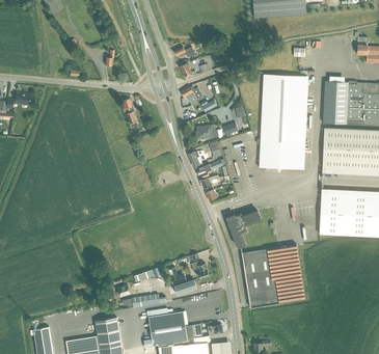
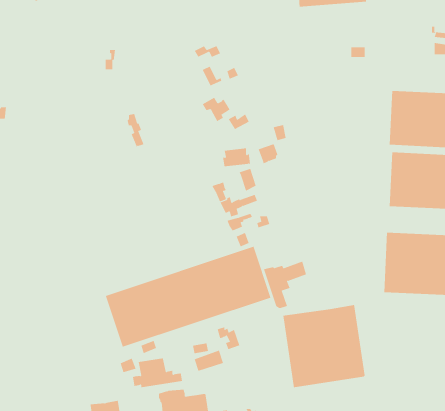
building: [259,74,303,169] -> none
building: none -> [105,246,271,348]

